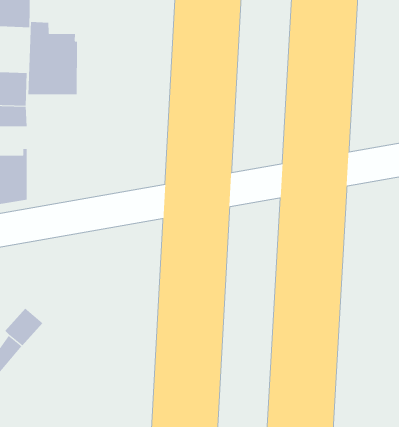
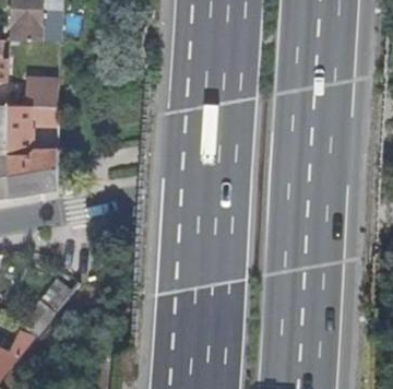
building: [28,21,77,95] -> none

